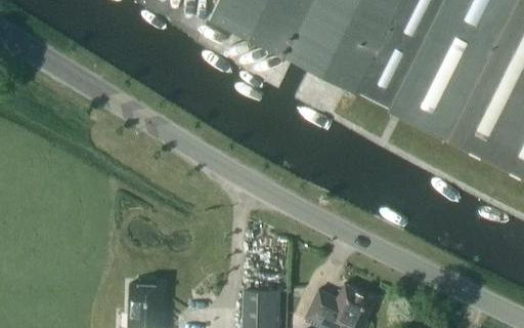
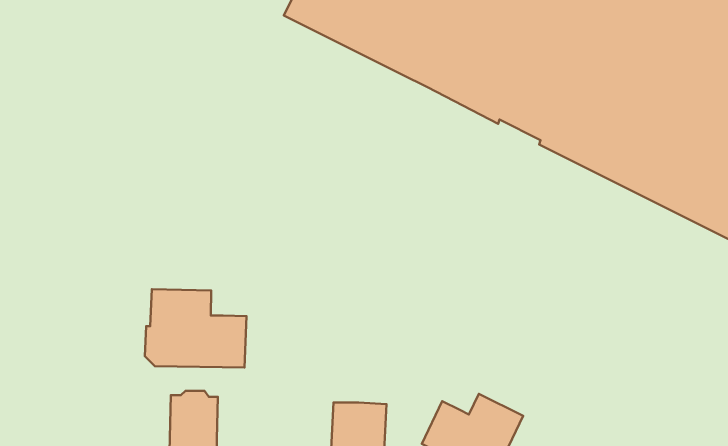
building: none -> [145,289,246,367]

